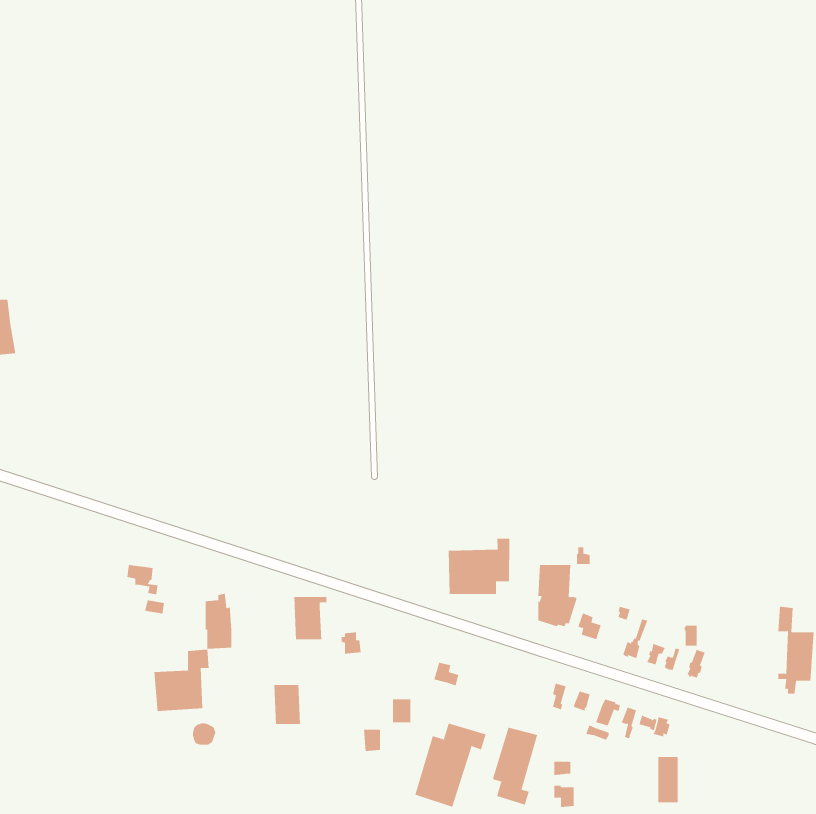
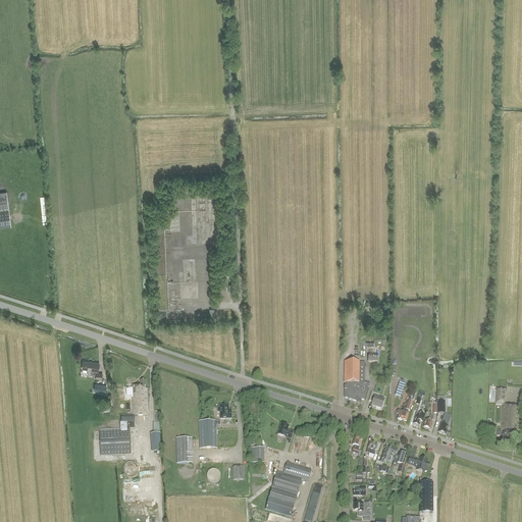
building: [448,538,510,595] -> none
building: [293,597,327,640] -> [198,419,219,447]
building: [492,727,538,805] -> none

